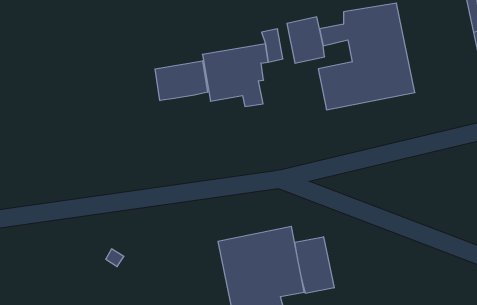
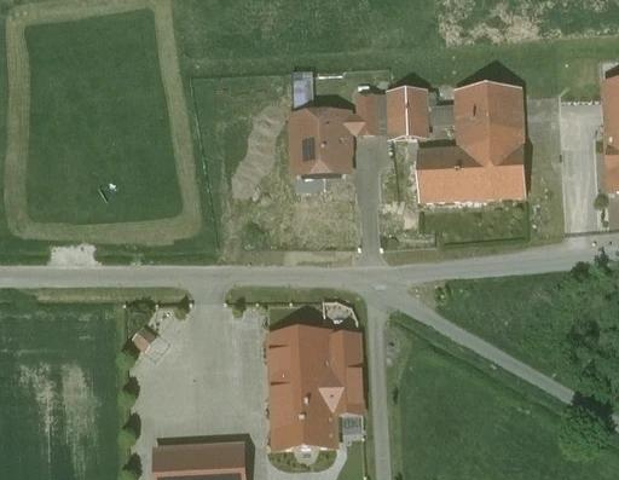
building: [155,61,207,101] -> none
building: [295,237,334,293] -> none

